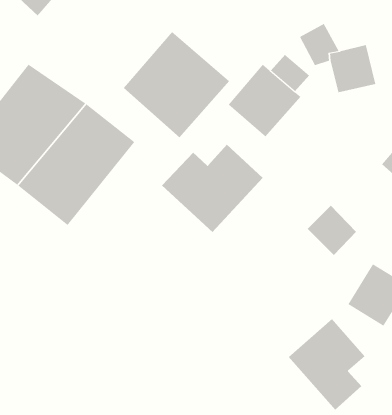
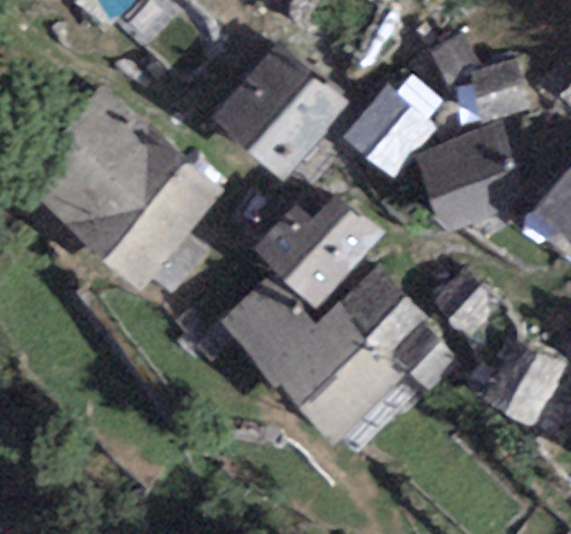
building: none -> [412,134,518,235]
building: none -> [236,266,469,437]
building: [288,318,365,410] -> none

